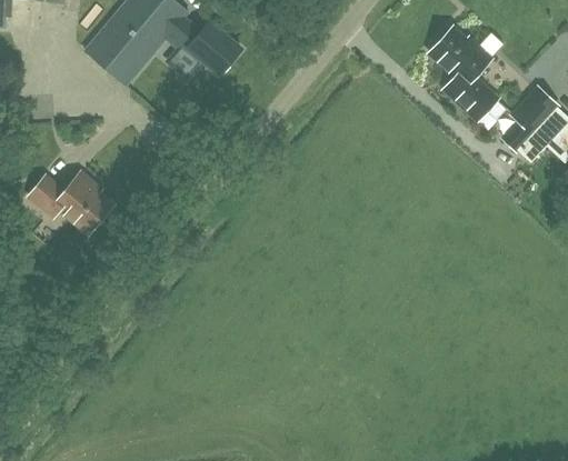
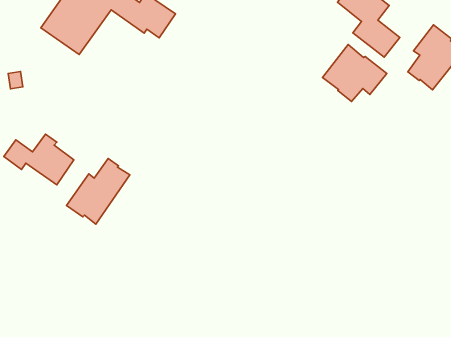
building: none -> [323,44,387,101]
building: none -> [67,159,130,224]

